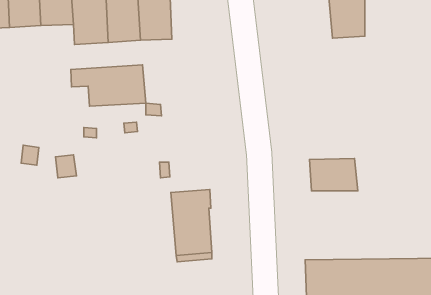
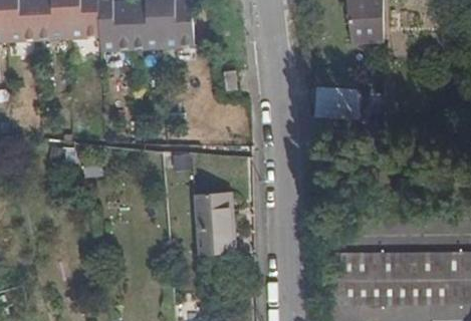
building: [71,65,146,106] -> none
building: [309,158,358,191] -> [311,91,358,122]

